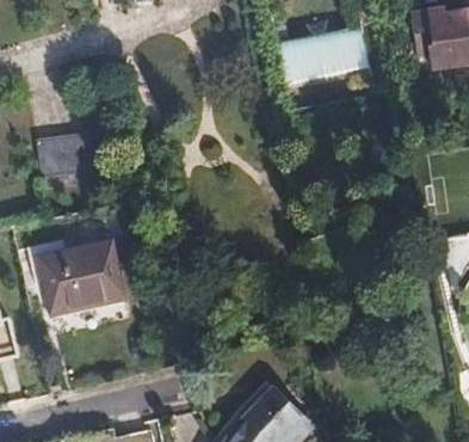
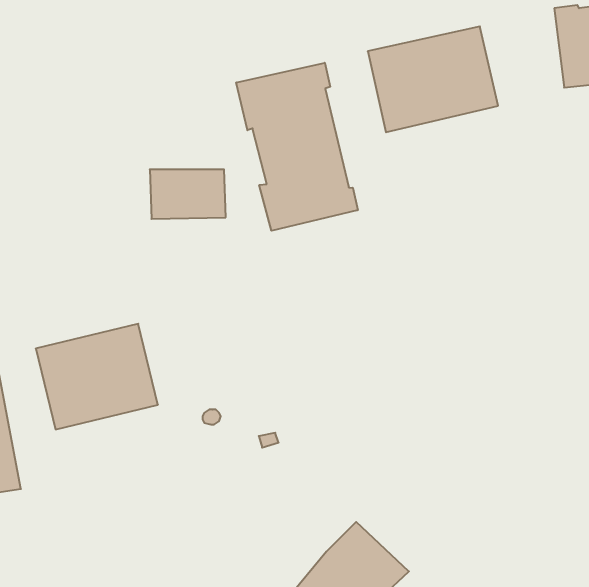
building: none -> [236,63,358,231]
building: [36,141,91,177] -> [150,169,226,219]

